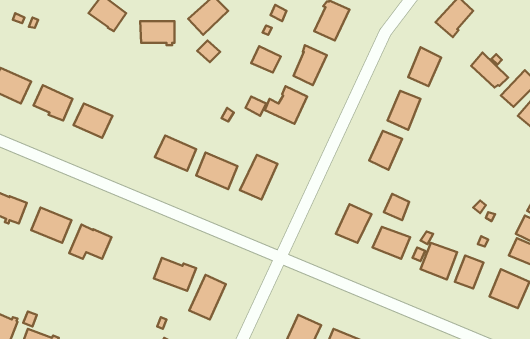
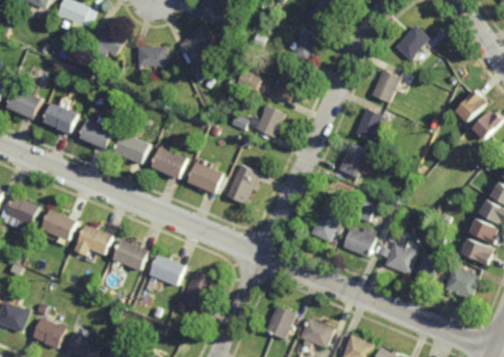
building: [471,53,508,88] -> none
building: none -> [113,134,149,165]
building: none -> [112,240,148,270]

